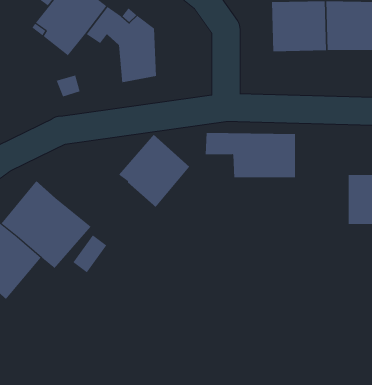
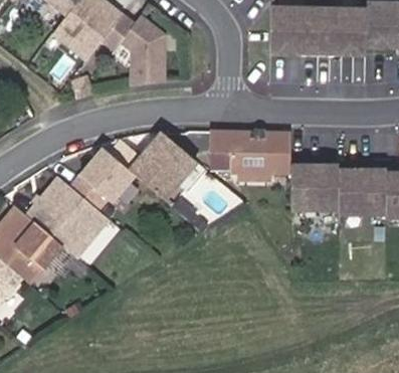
building: none -> [73,150,138,212]
building: none -> [290,165,338,210]

